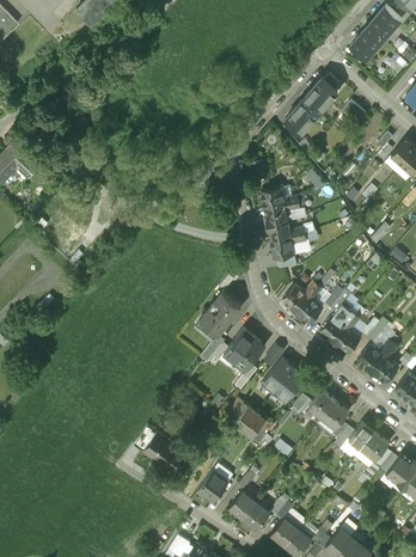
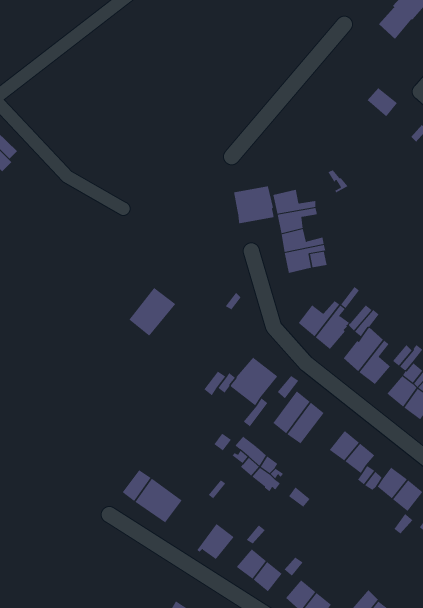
building: [286,80,337,133] -> none
building: none -> [233,186,274,224]
building: [201,294,241,336] -> [128,287,176,337]

